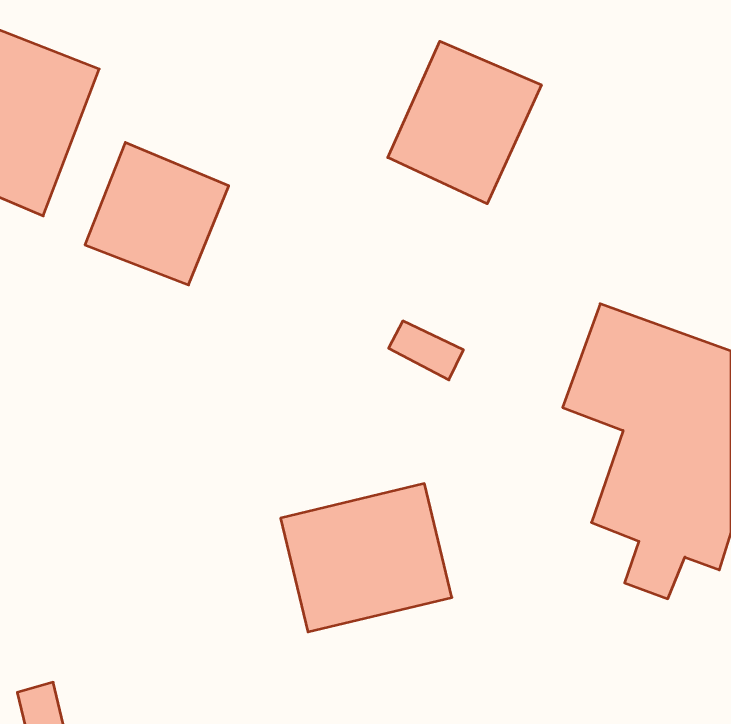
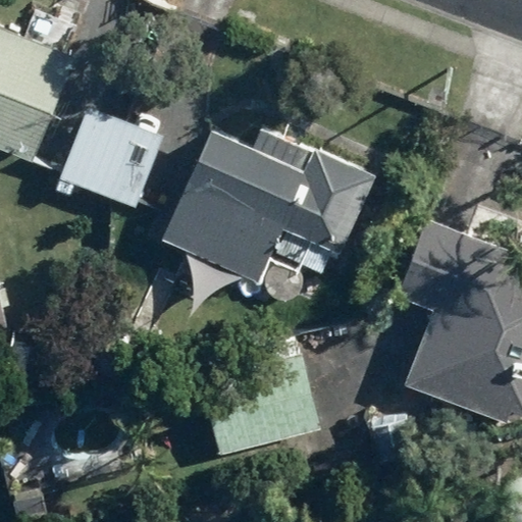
building: [388,41,541,204] -> none
building: none -> [160,129,375,282]

